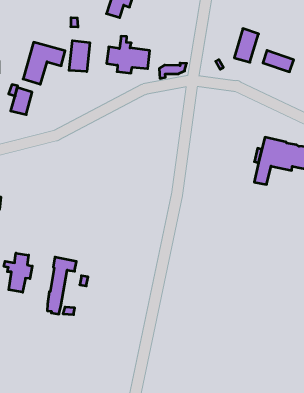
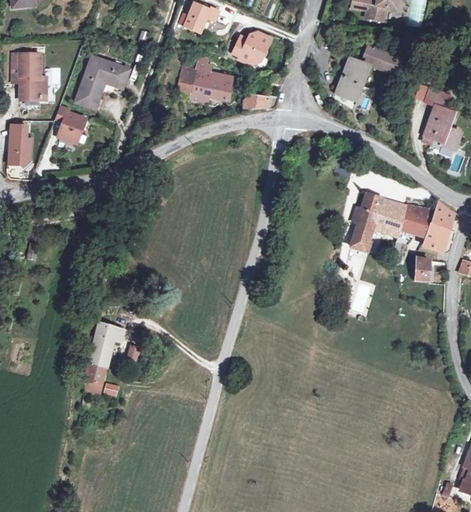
building: none -> [229,30,268,64]
building: [69,41,90,72] -> none
building: [263,50,294,72] -> [361,44,399,72]
building: [4,253,32,292] -> none

